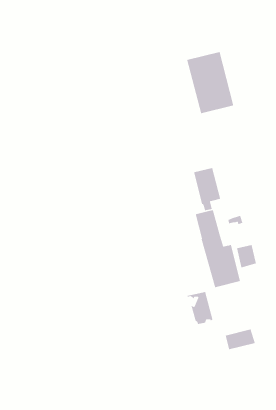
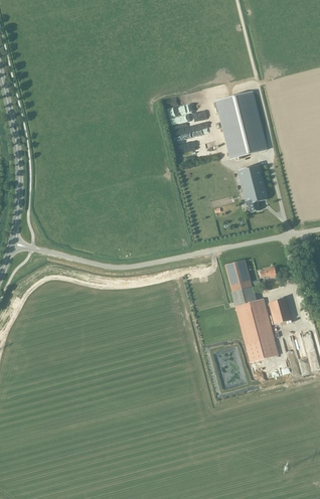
building: [193,167,221,211] -> [238,164,269,211]
building: [225,328,256,350] -> [247,338,280,361]

